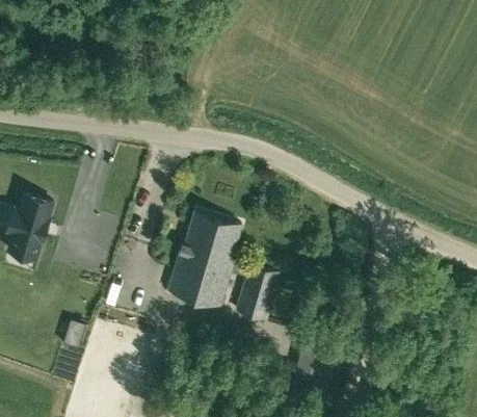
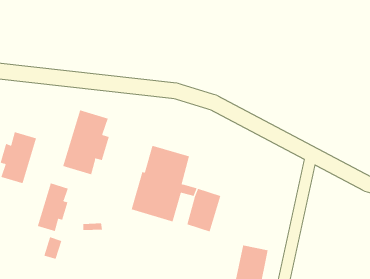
building: none -> [63,109,109,175]
building: none -> [37,183,68,232]

